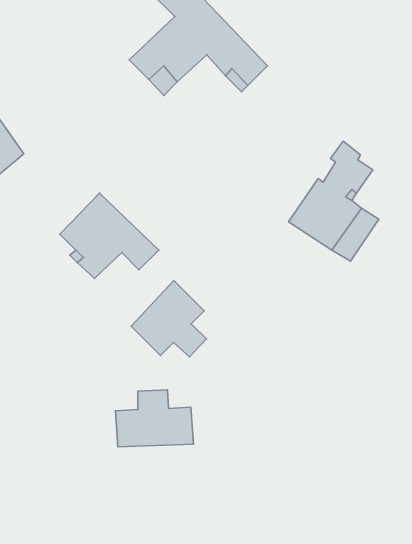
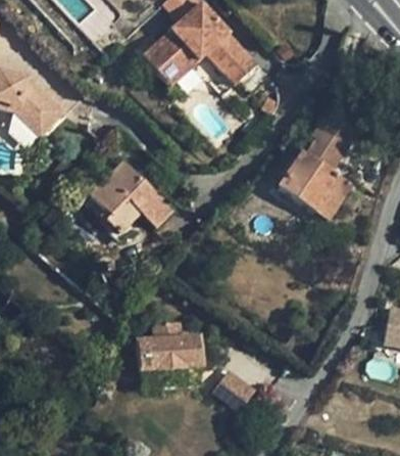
building: [131,281,206,357] -> none
building: none -> [212,375,253,415]

